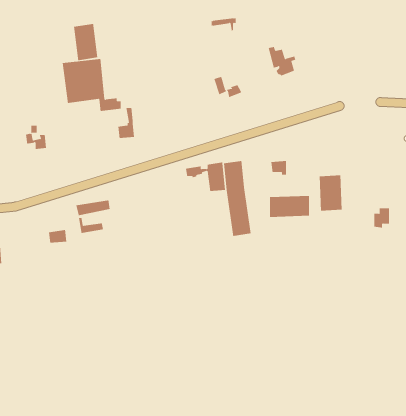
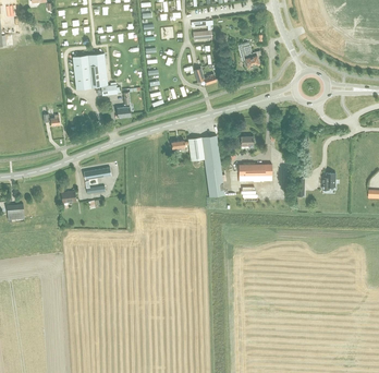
building: [73,23,98,61] -> none
building: [319,174,342,212] -> none

